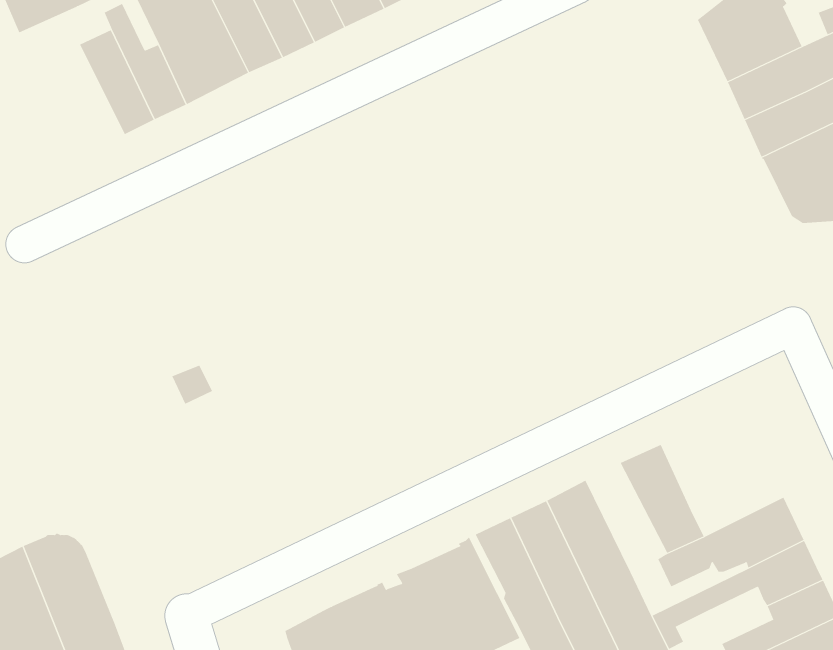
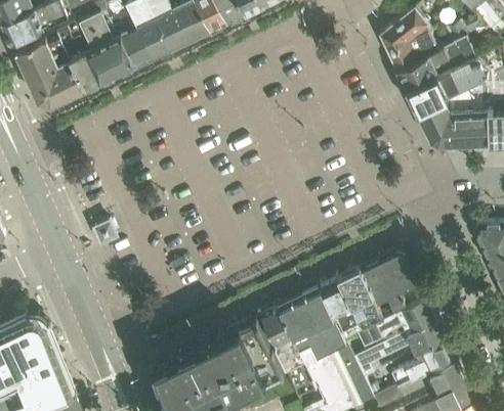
building: none -> [15,44,69,109]
building: none -> [361,250,426,310]
building: none -> [320,279,364,338]

